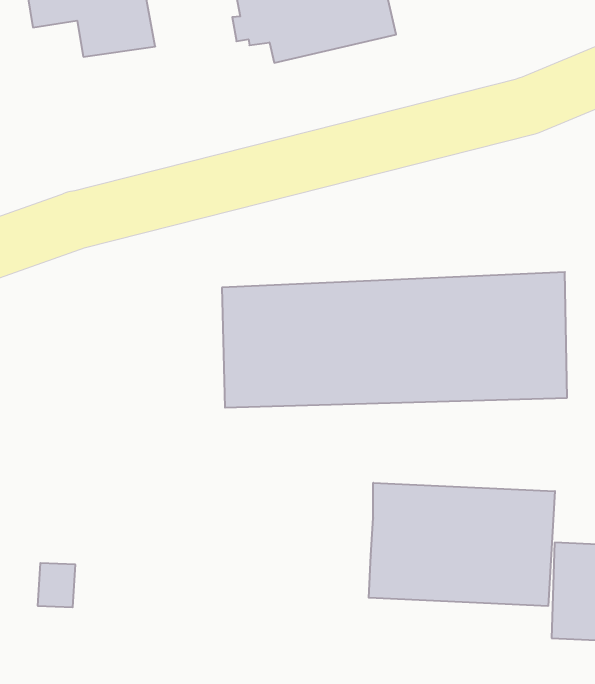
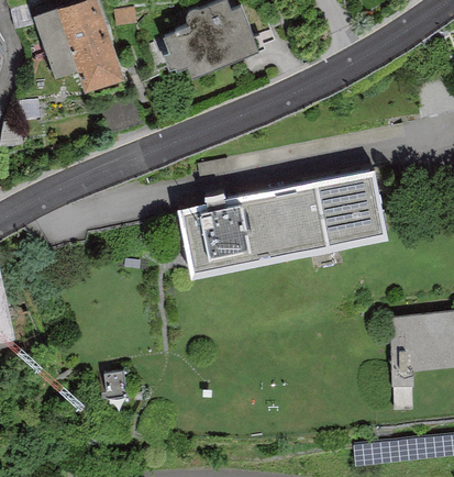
building: [369,483,555,606] -> none

